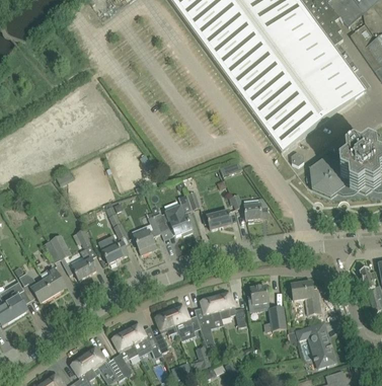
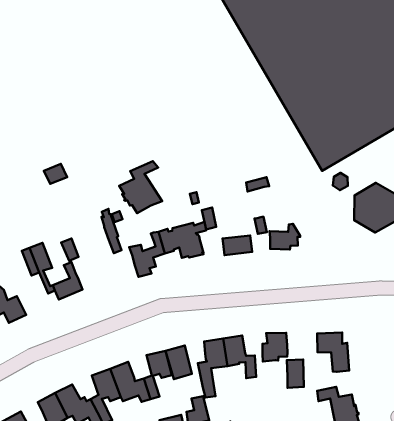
building: none -> [119,161,162,213]
building: [99,240,129,263] -> none
building: [41,264,66,294] -> none

